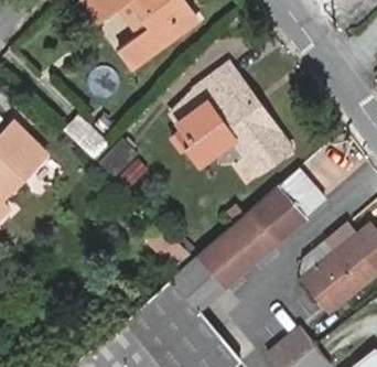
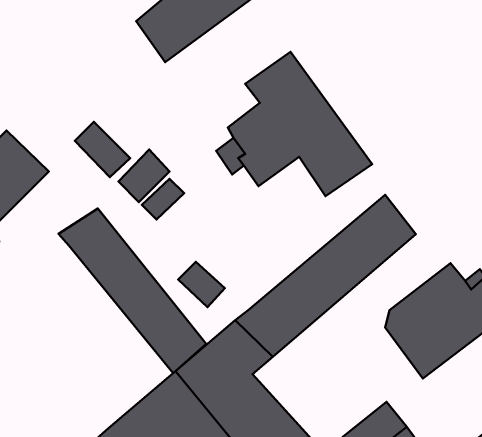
building: none -> [59,208,206,373]

